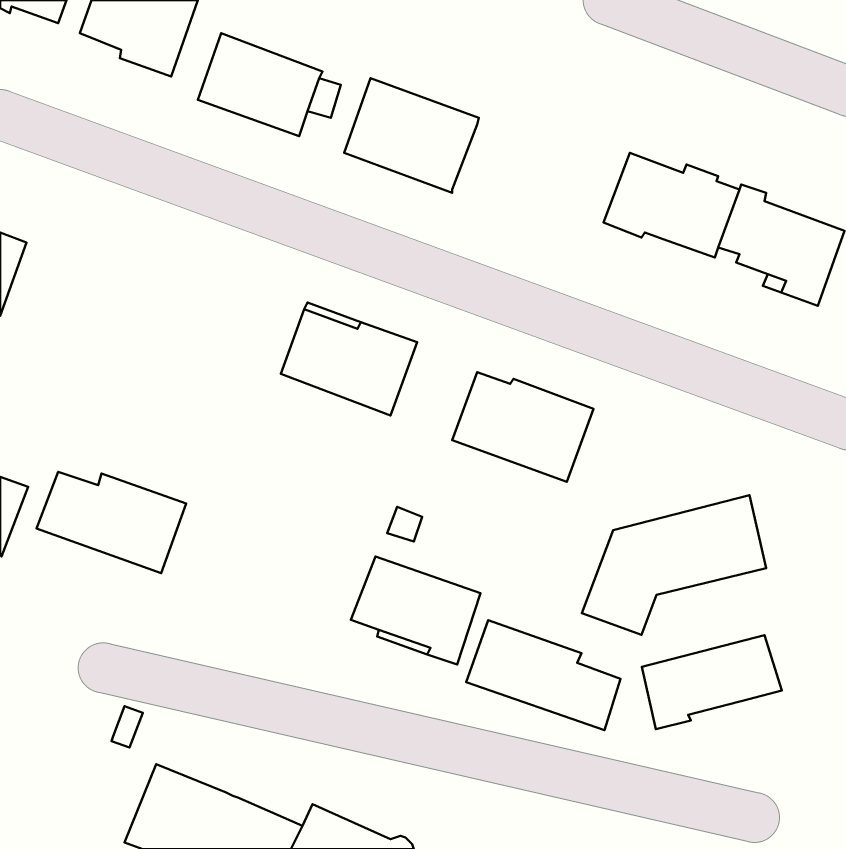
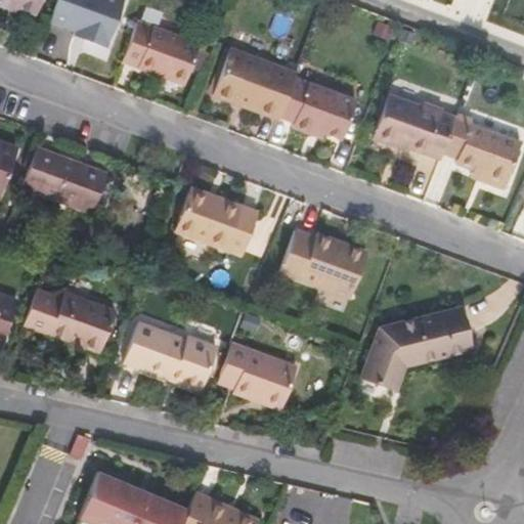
building: none -> [280,77,358,139]
building: none -> [23,146,107,213]
building: none -> [124,321,218,391]
building: [466,620,621,730] -> none
building: [642,635,782,729] -> none

